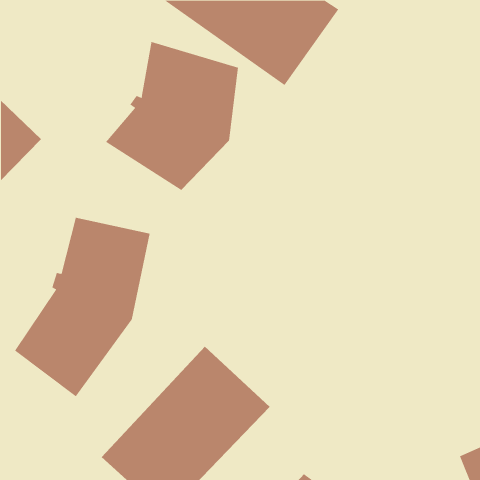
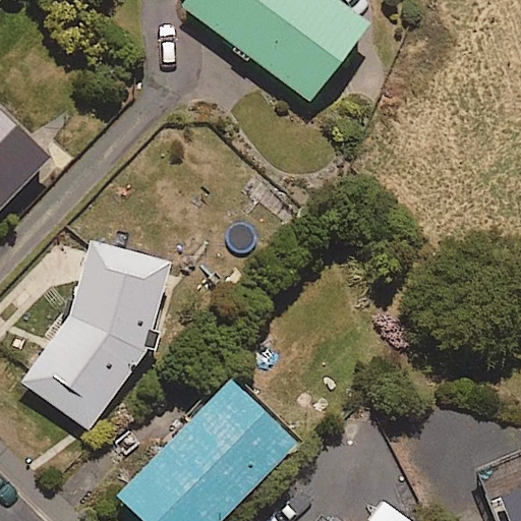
building: [105,41,238,191] -> none

